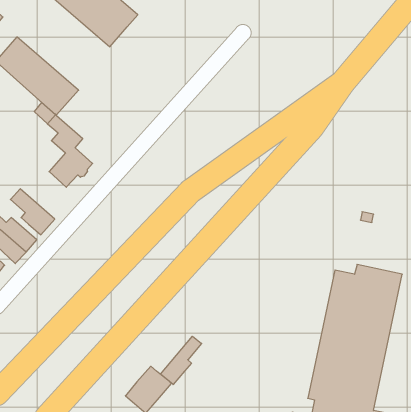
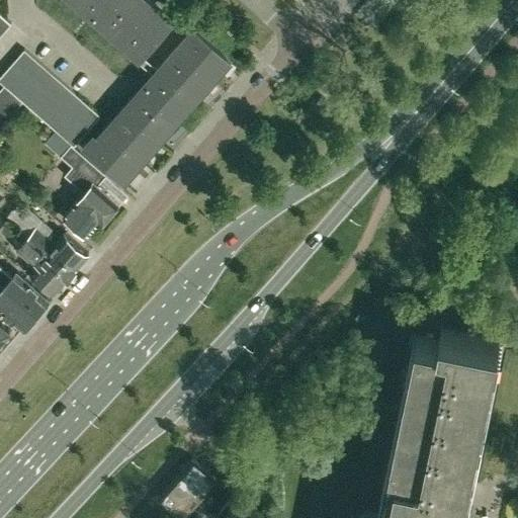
building: none -> [81,30,231,187]
building: none -> [28,232,88,277]
building: [160,336,202,385] -> none

